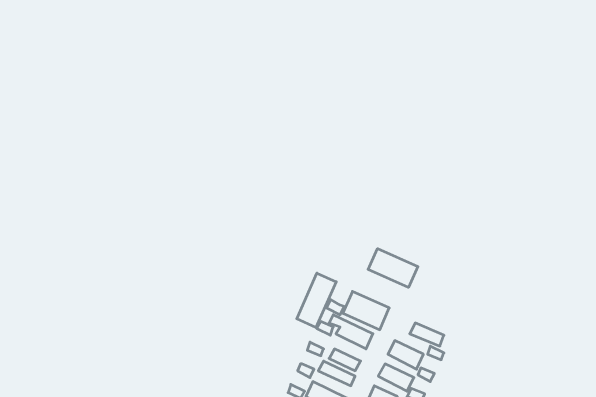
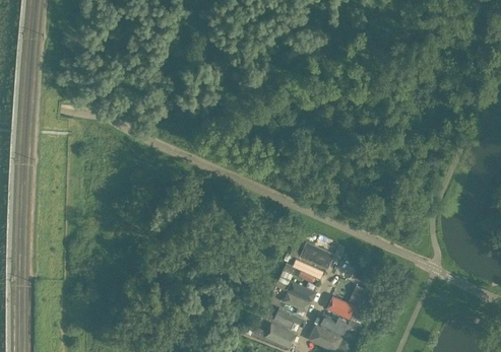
building: [368,249,418,287] -> none
building: [297,273,336,327] -> none

